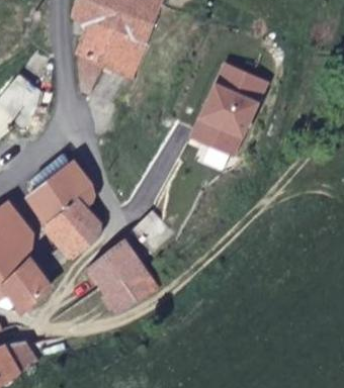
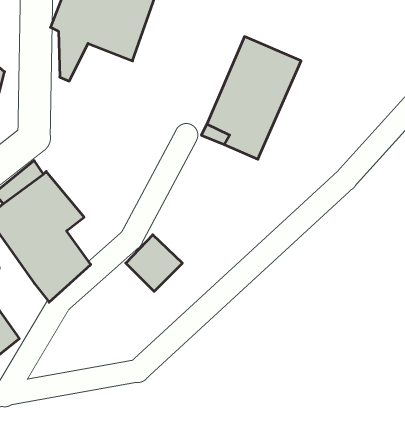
building: [89,244,158,313] -> none

